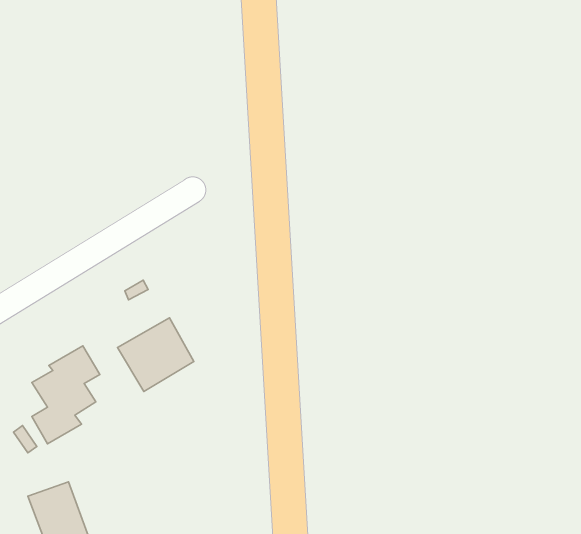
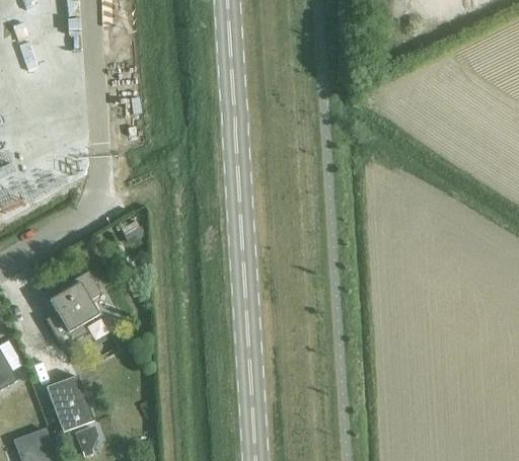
building: [118,318,194,391] -> none

